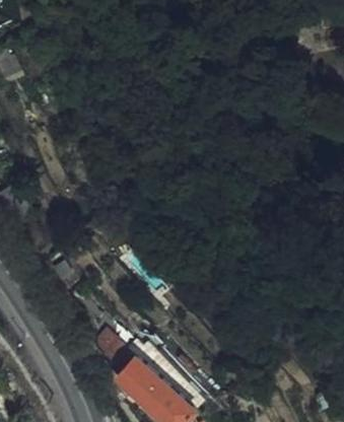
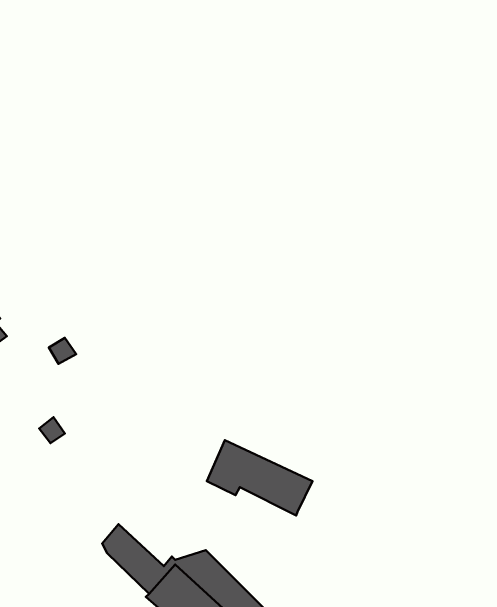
building: none -> [207,440,312,515]

